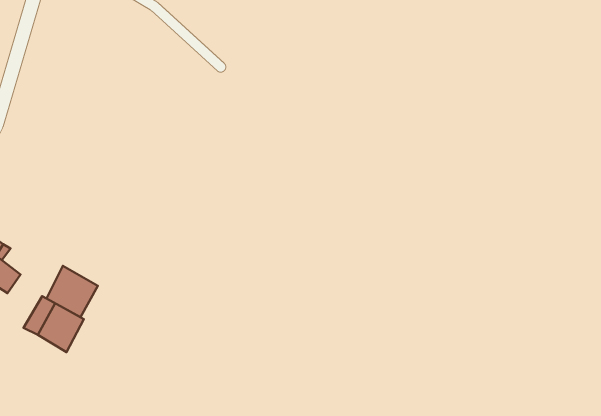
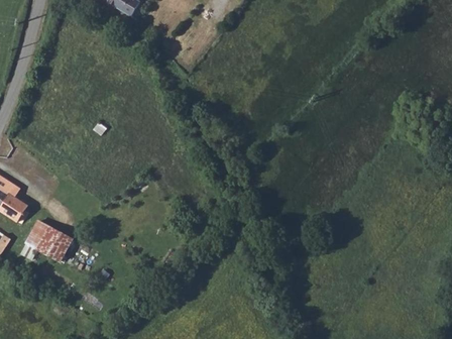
building: [47,266,98,317] -> none

